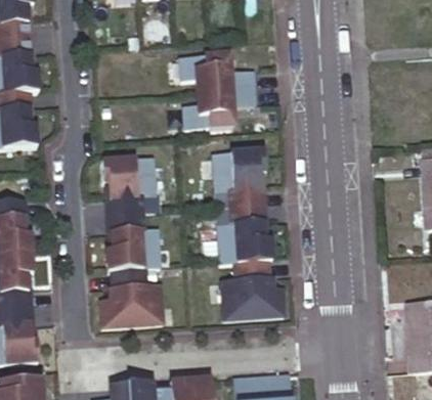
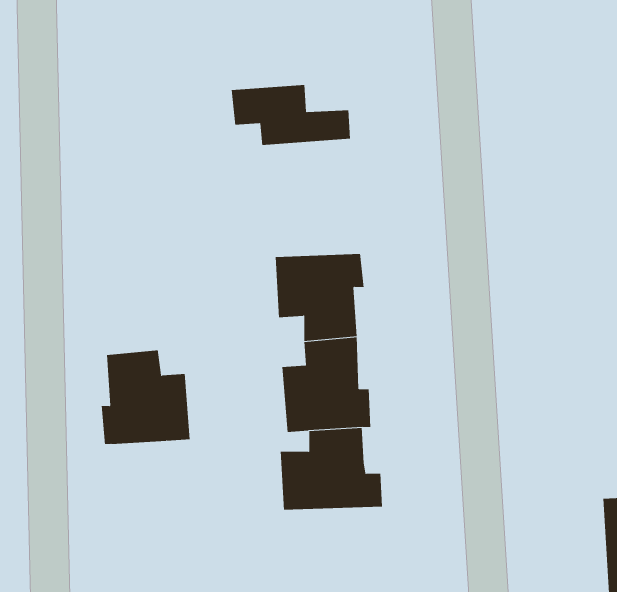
building: [189,86,259,125] -> none
building: [100,162,156,217] -> none
building: [105,269,168,319] -> none

